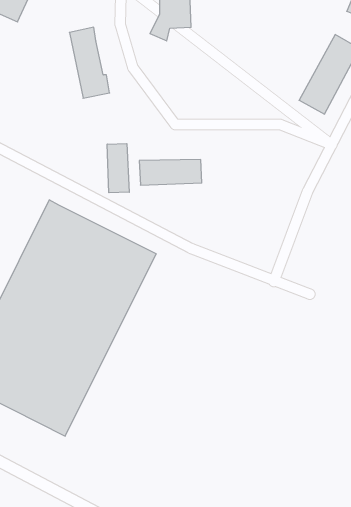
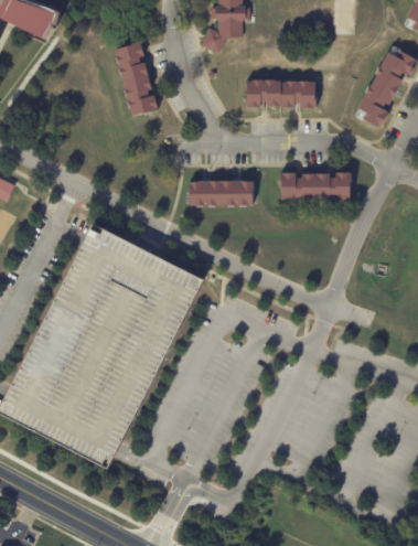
building: none -> [244,79,313,107]
building: [107,144,129,193] -> none
building: none -> [278,172,349,200]

